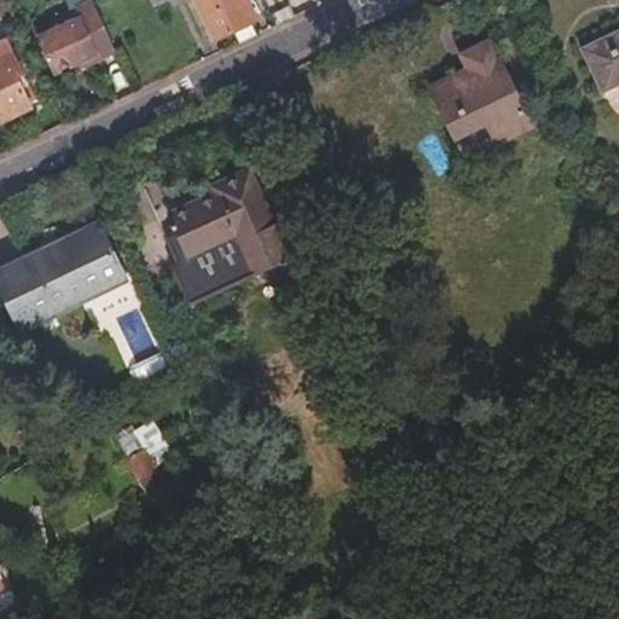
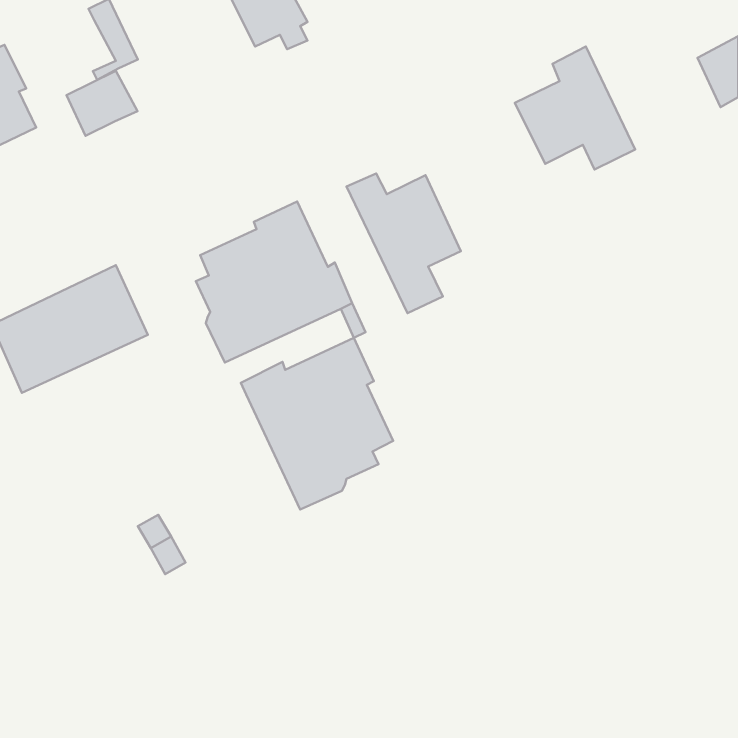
building: [37,17,97,71] -> [67,71,138,136]
building: none -> [347,174,461,313]
building: none -> [241,338,393,510]

